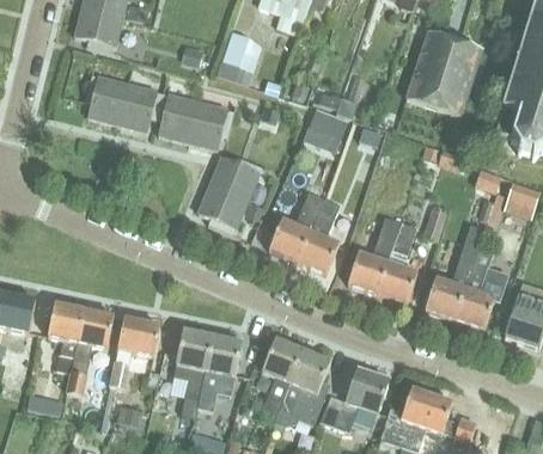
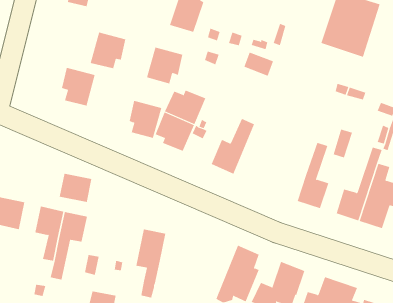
building: [84,73,127,122] -> [61,67,96,106]
building: [155,92,197,140] -> [129,100,162,138]
building: [297,198,338,274] -> none
building: [347,215,401,295] -> none
building: [117,318,159,355] -> [59,173,92,203]
building: [196,336,240,411] -> none
building: [261,339,301,415] -> none

